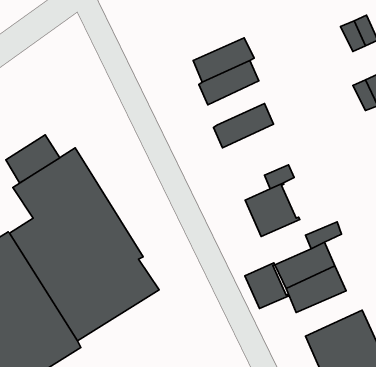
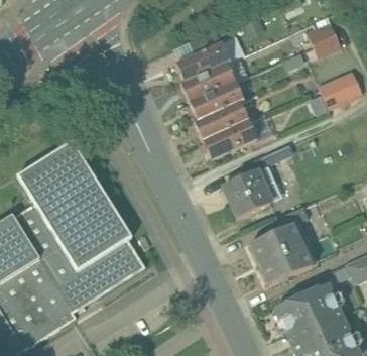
building: none -> [190,81,244,120]
building: none -> [203,119,257,159]
building: [6,135,60,183] -> none
building: [245,263,288,309] -> none

